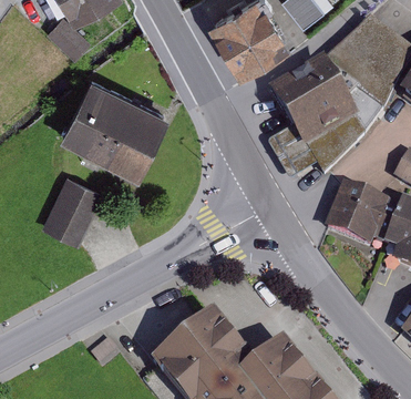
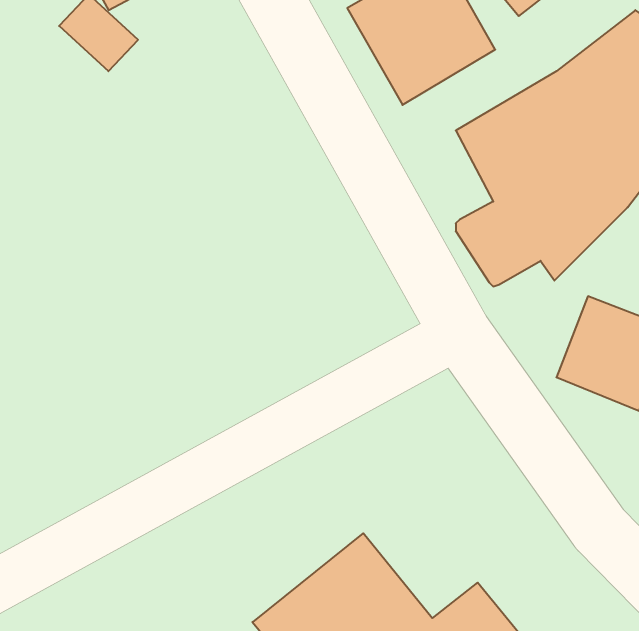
building: [59,70,169,172] -> none
building: [41,168,103,238] -> none

